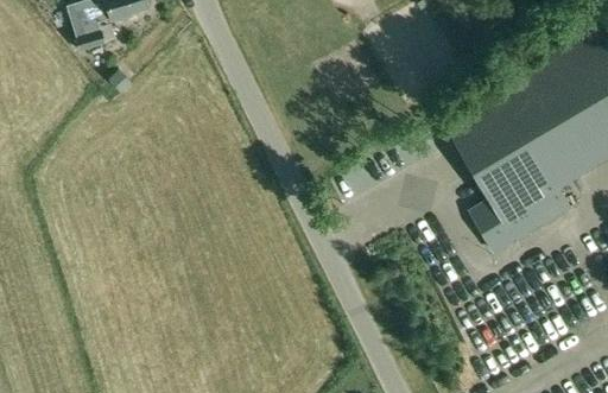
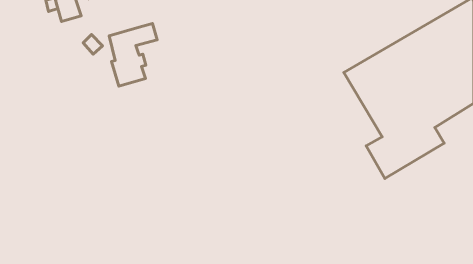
building: none -> [109,23,157,86]

